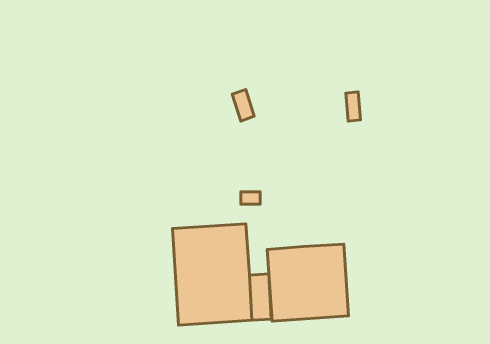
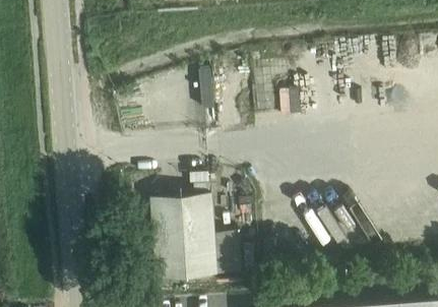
building: [267,244,349,321] -> none

